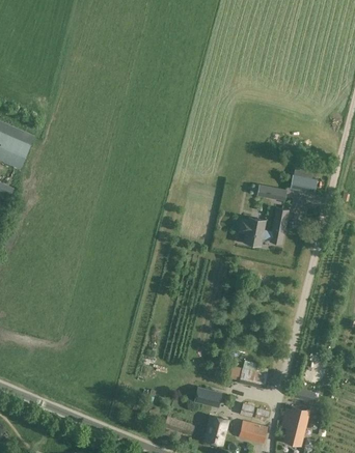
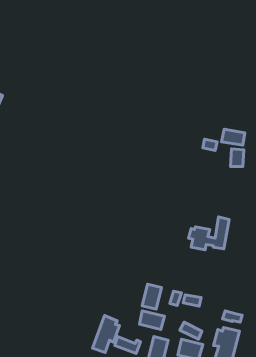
building: [241,207,289,246] -> [188,217,229,250]
building: none -> [142,284,161,309]
building: none -> [92,316,120,353]

